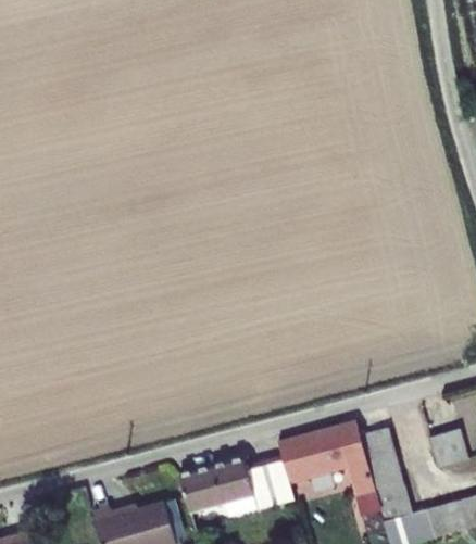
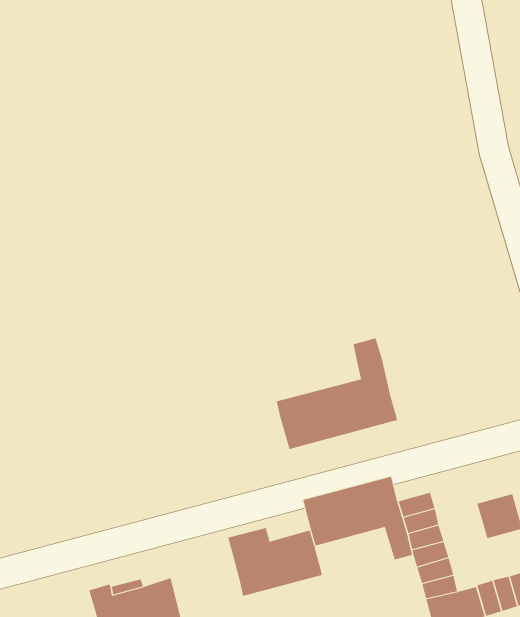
building: none -> [276,338,398,450]
building: [178,468,222,514] -> none

